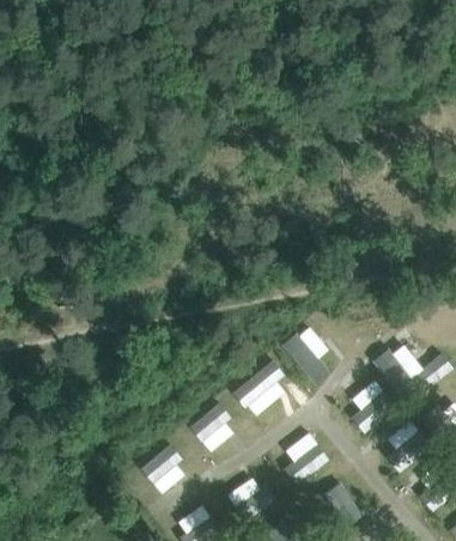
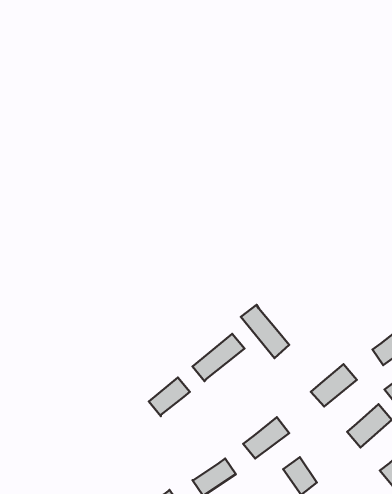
building: [372,348,414,394] -> none
building: [141,444,182,482] -> none

